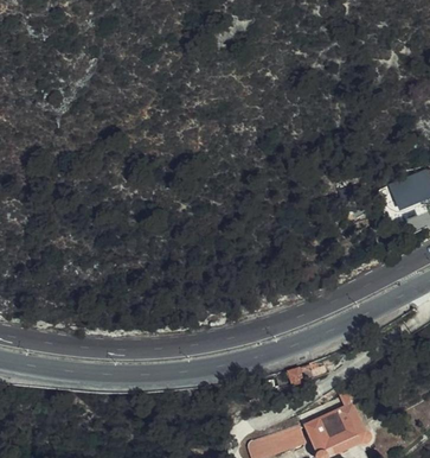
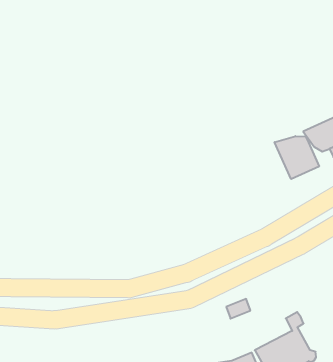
building: none -> [275,136,319,179]

